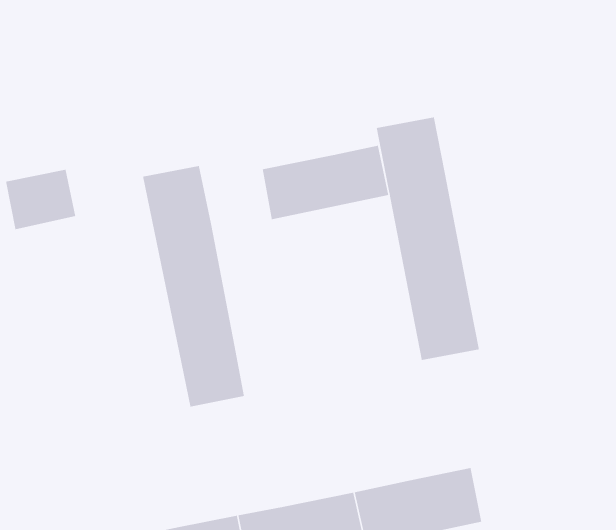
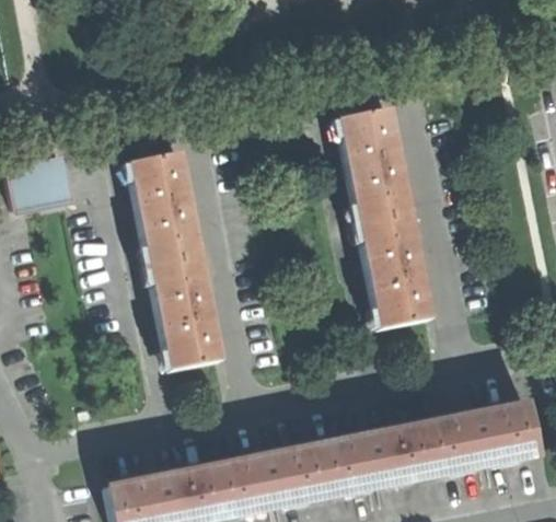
building: [262,145,389,220] -> none
building: none -> [425,399,541,469]

